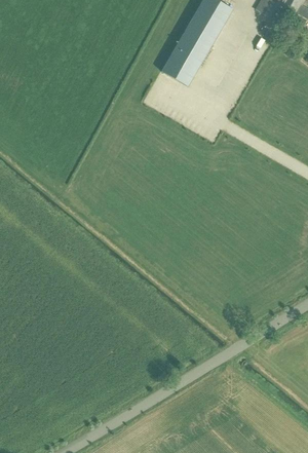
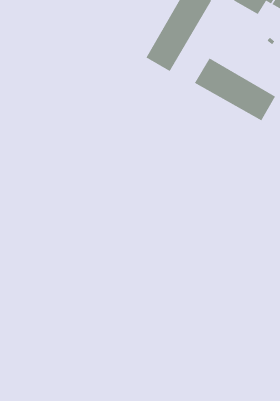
building: none -> [194,57,276,121]

